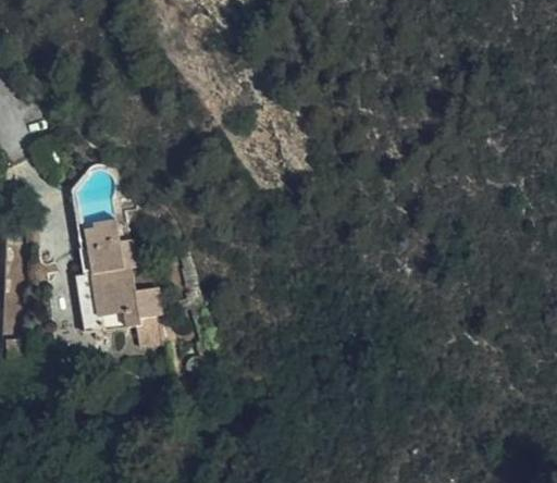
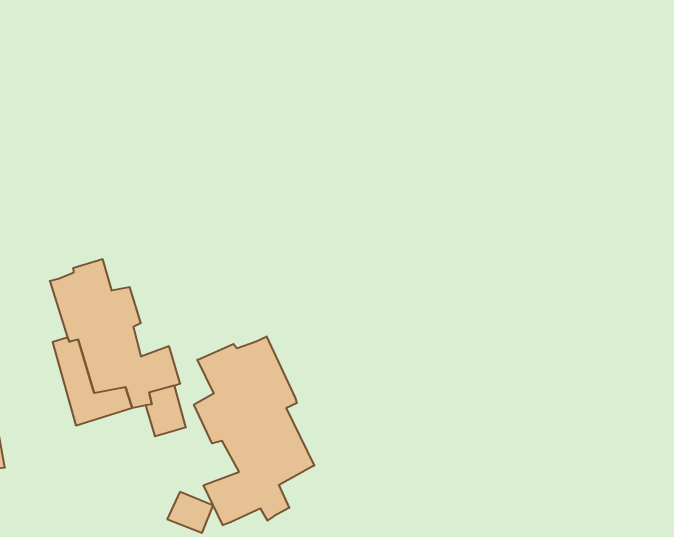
building: none -> [194,336,314,525]

